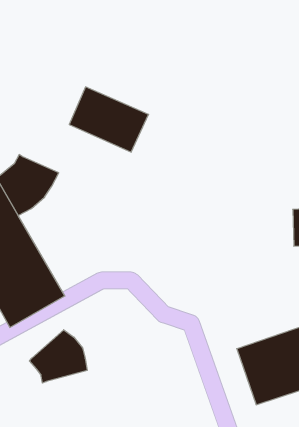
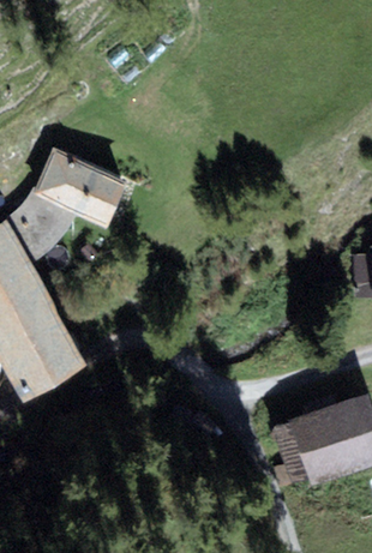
building: [69,87,149,152] -> [32,151,126,228]
building: [30,330,87,383] -> none

